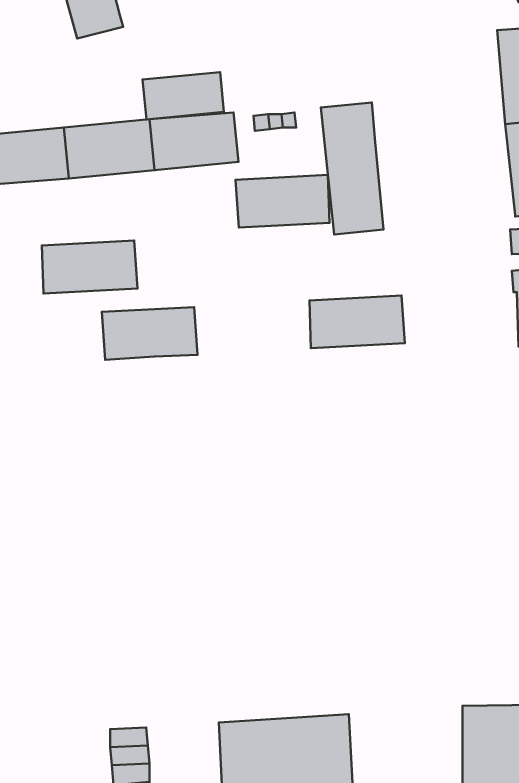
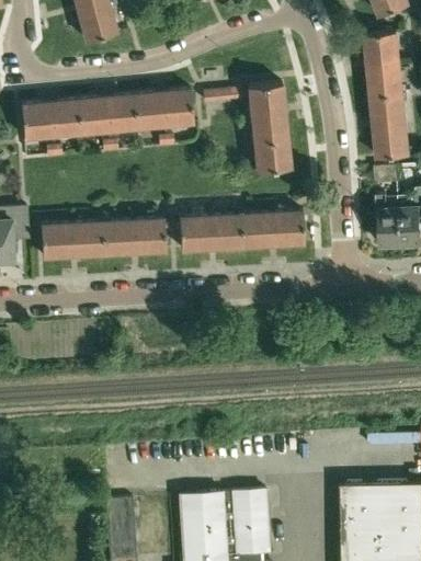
building: [143,72,224,119] -> none
building: [236,175,329,228] -> [179,215,241,250]
building: [42,241,137,293] -> [41,222,104,257]

